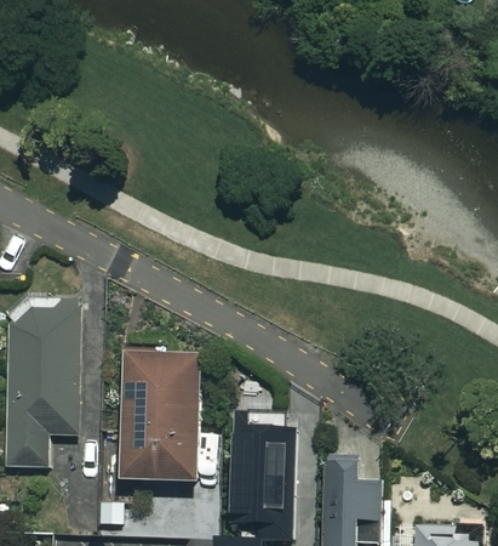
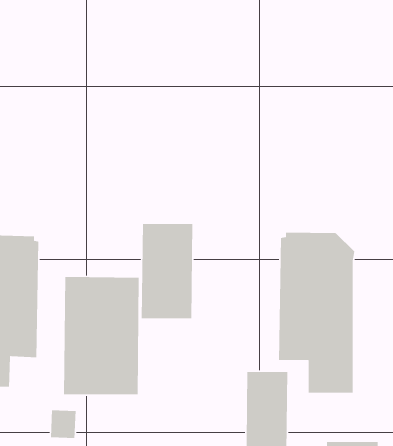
building: none -> [278,232,355,394]
building: [229,411,287,518] -> [141,223,193,319]

